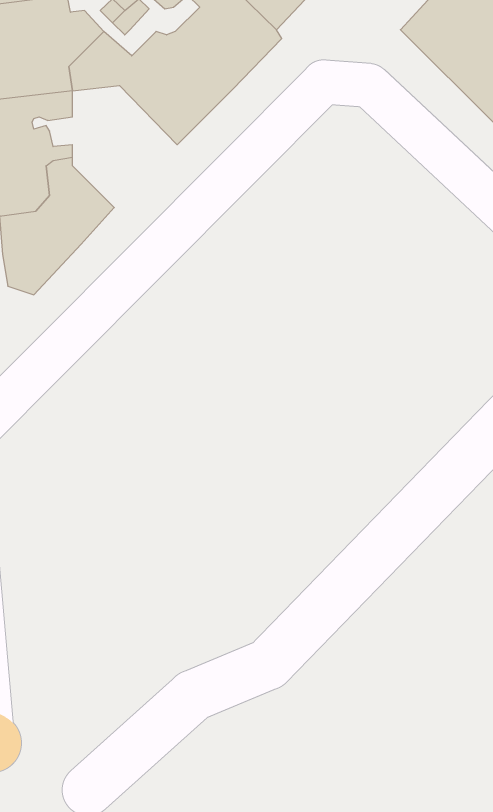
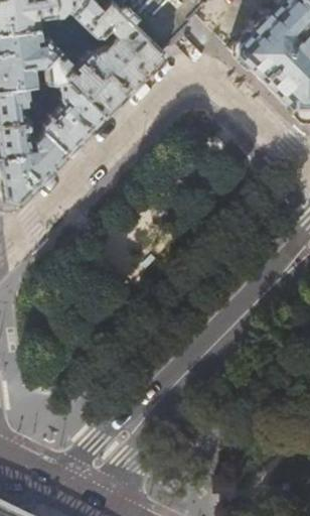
building: none -> [42,84,103,154]

